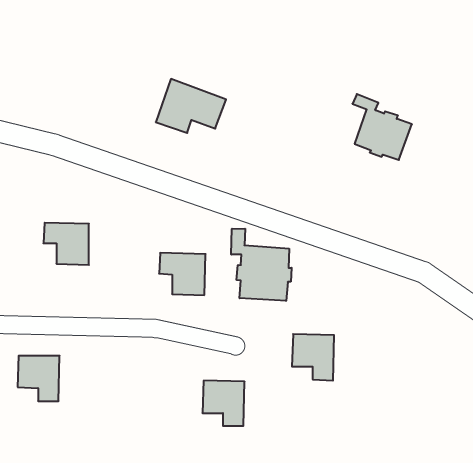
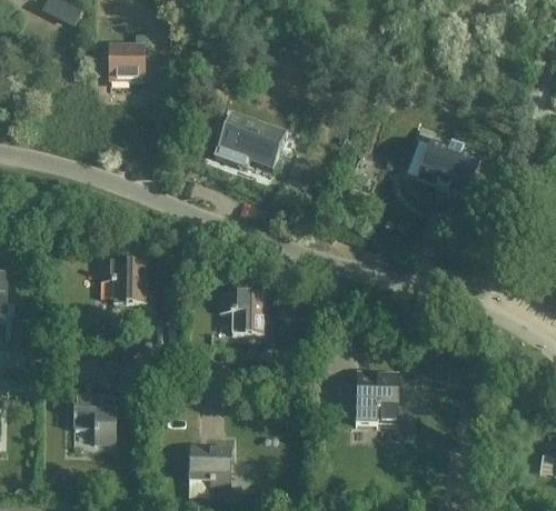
building: none -> [108,46,142,81]
building: [231,229,292,301] -> none
building: [202,381,245,426] -> [187,447,230,493]

